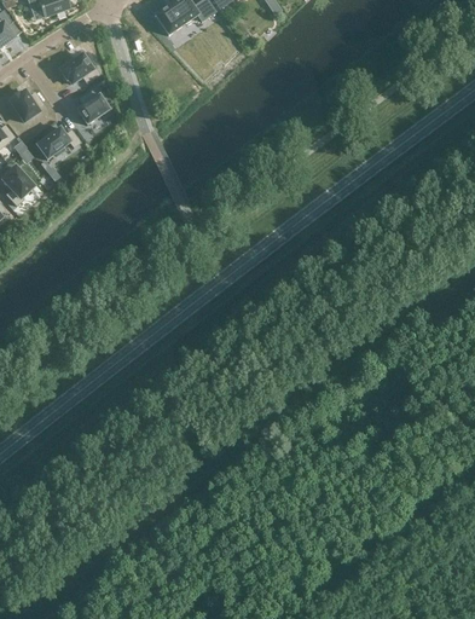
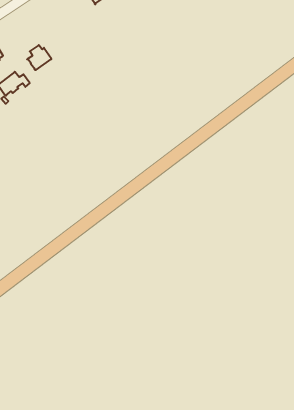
building: [60,53,99,82] -> none

